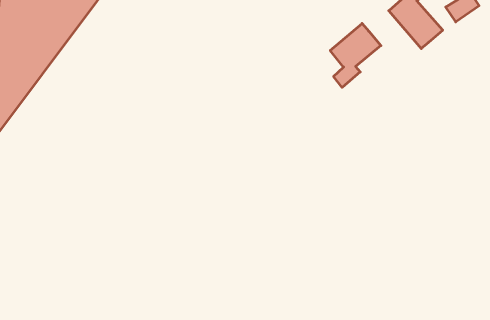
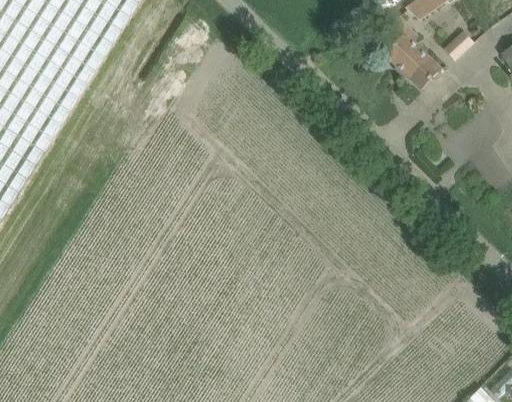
building: [330,23,381,87] -> none

